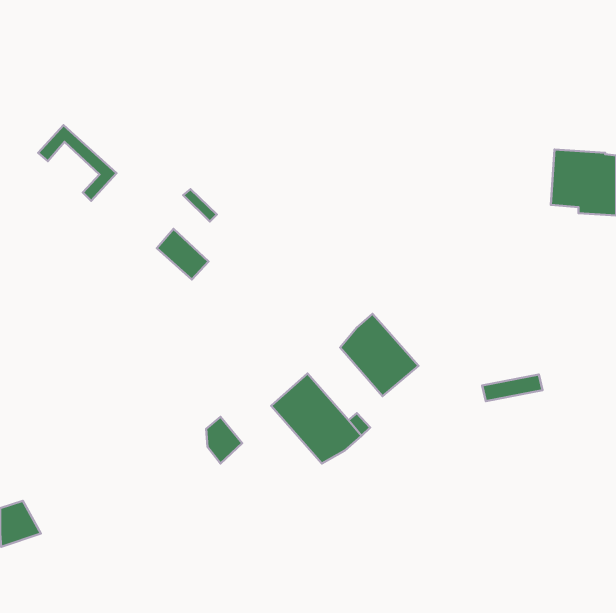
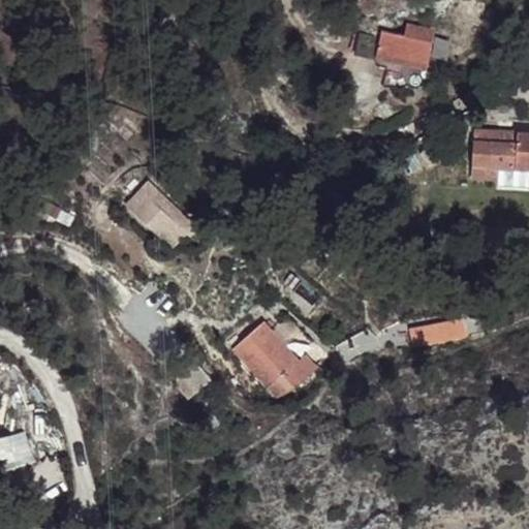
building: none -> [365,24,429,61]
building: [38,125,116,201] -> [126,182,193,247]
building: [340,314,418,396] -> none

